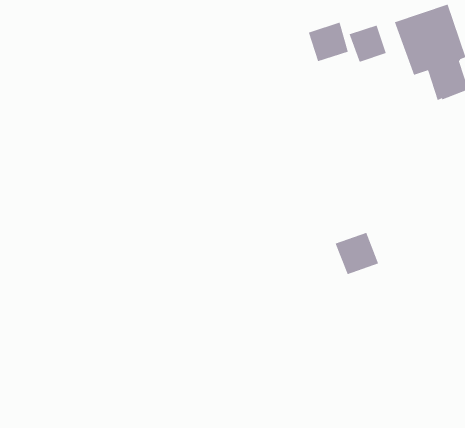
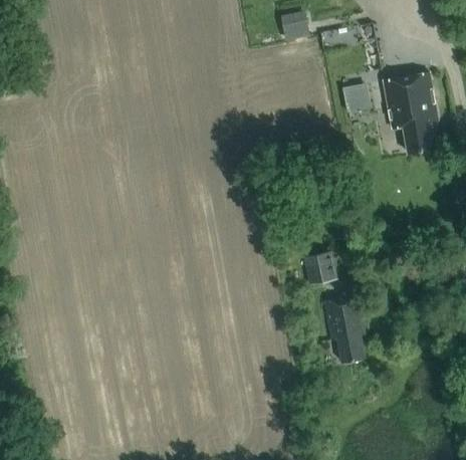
building: [308,21,349,62] -> none
building: none -> [324,296,366,363]

